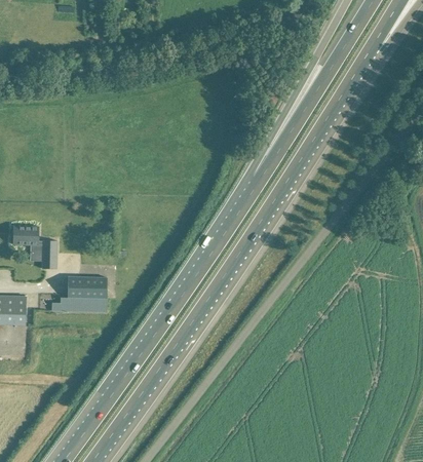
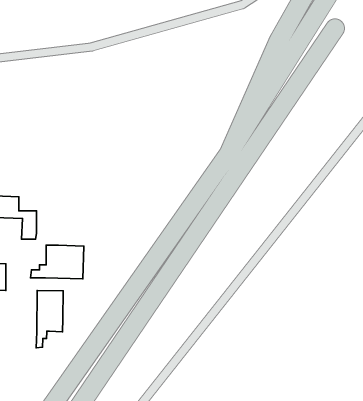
building: none -> [36,291,63,348]

